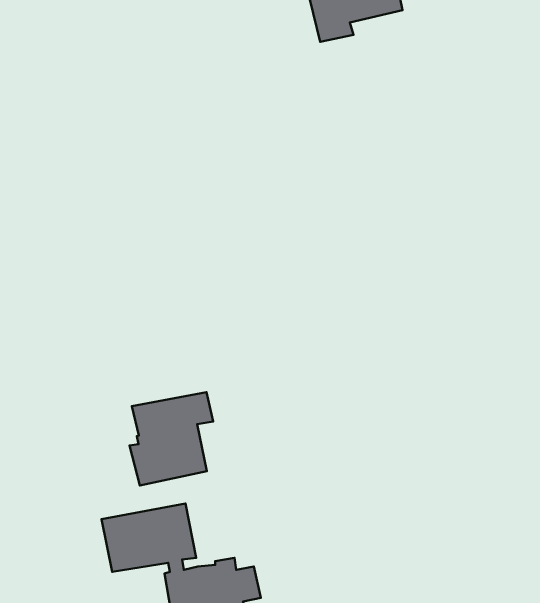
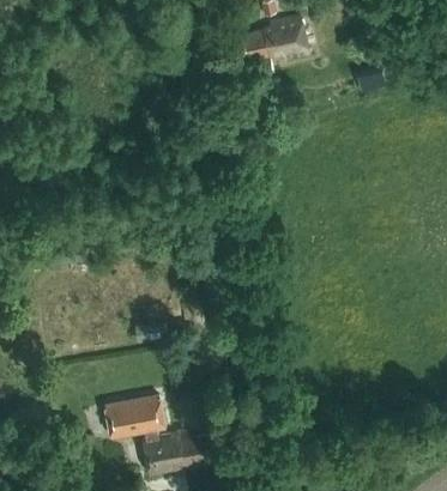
building: [130,392,213,485] -> none

